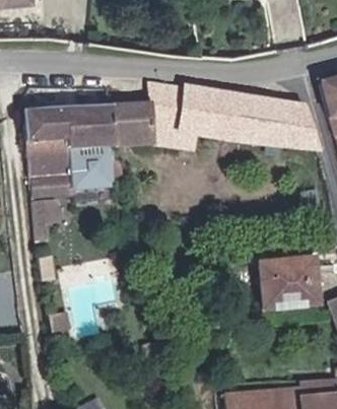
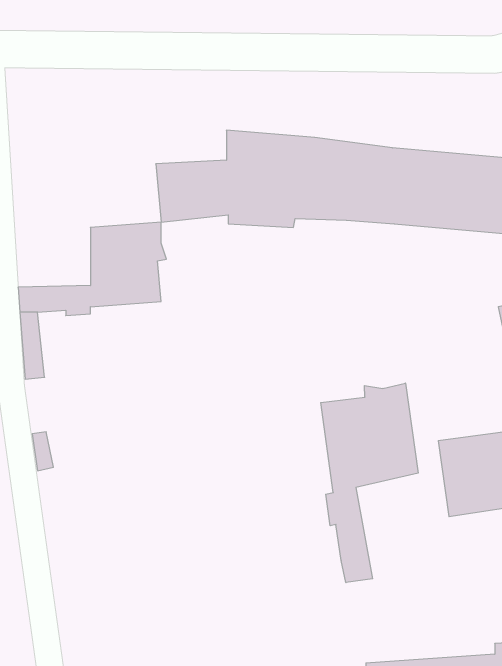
building: [20,116,108,187] -> none
building: none -> [321,383,418,583]

